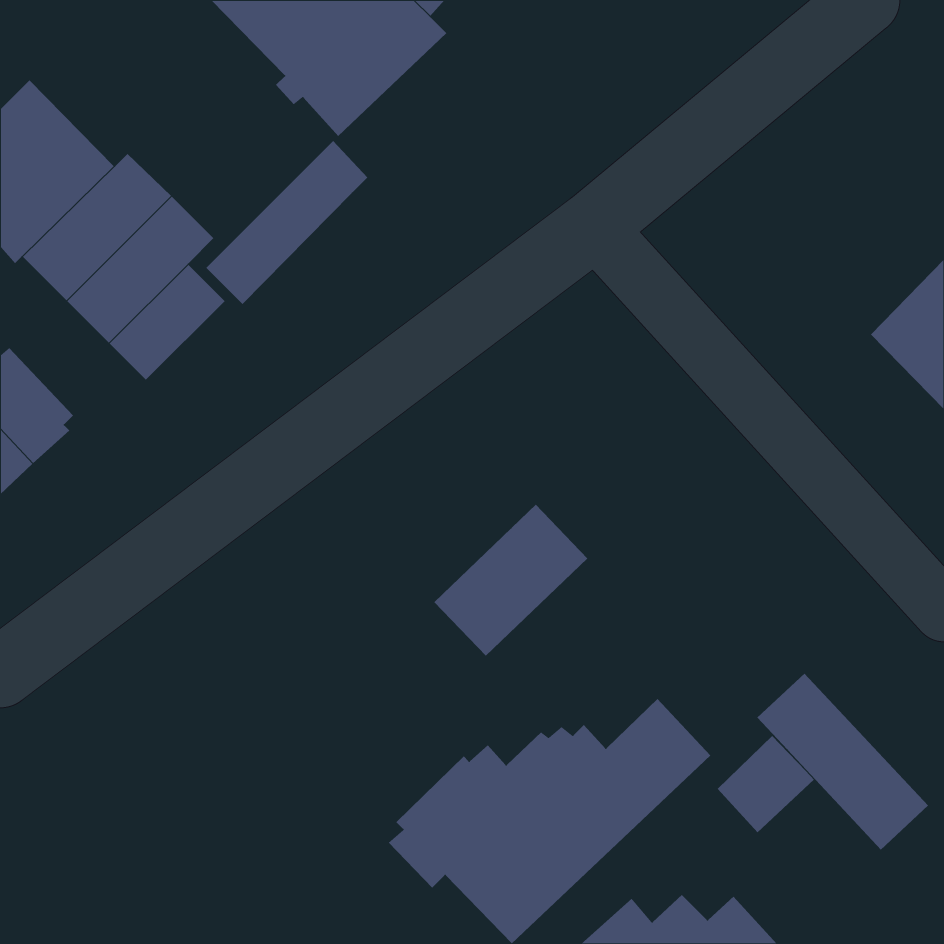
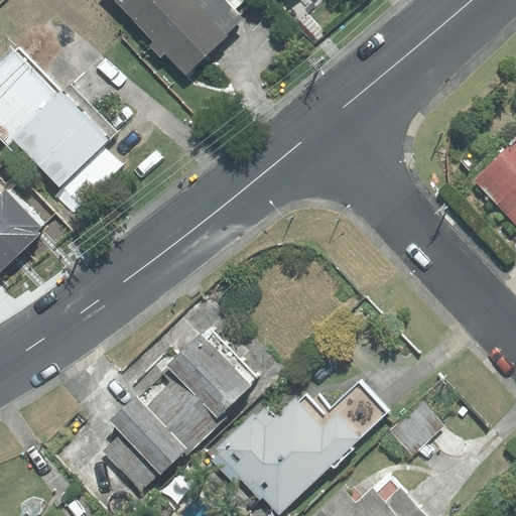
building: [206,140,368,305] -> none
building: [433,504,588,657] -> none
building: none -> [103,327,259,490]
building: [757,673,929,850] -> none

